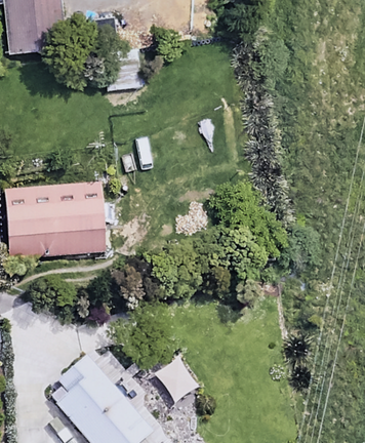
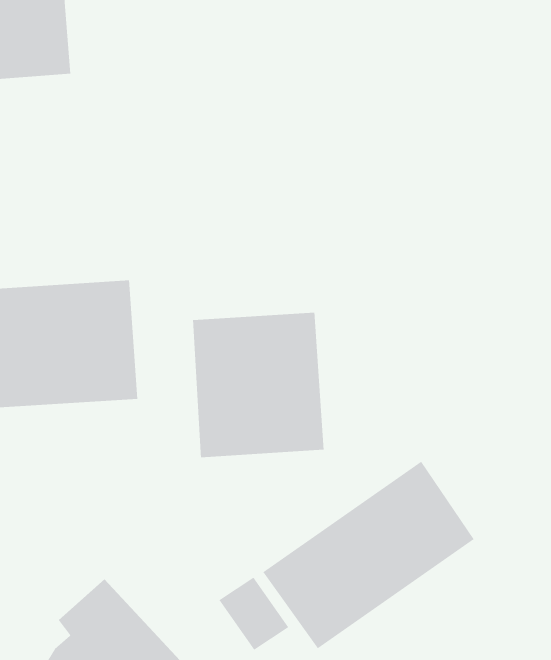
building: none -> [192,312,324,458]
building: none -> [263,461,475,649]

